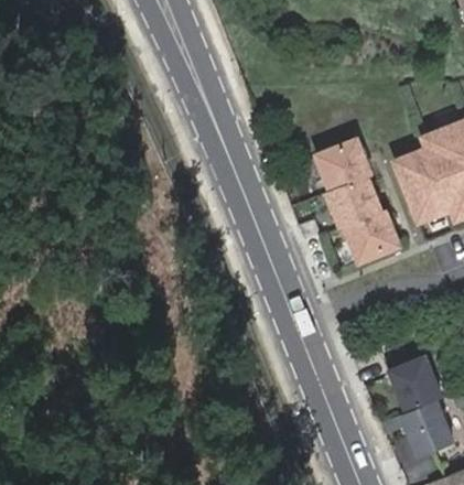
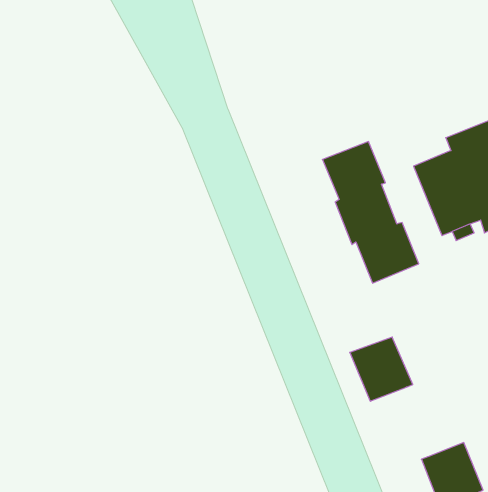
building: [388,356,442,411] -> [350,337,413,401]

